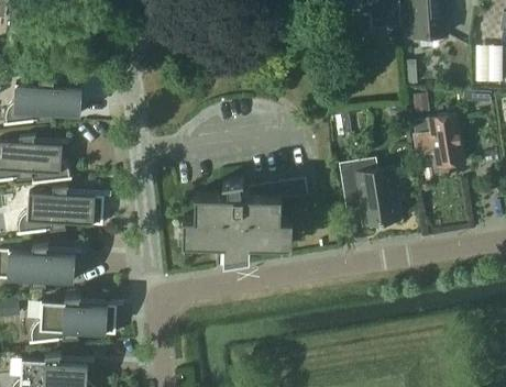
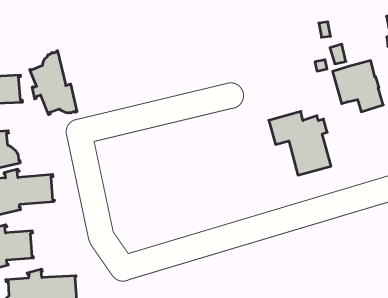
building: none -> [30,51,77,115]
building: [183,177,309,258] -> none

